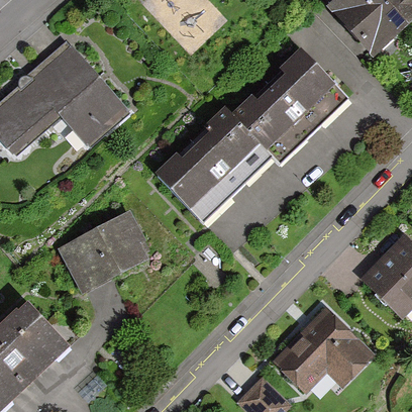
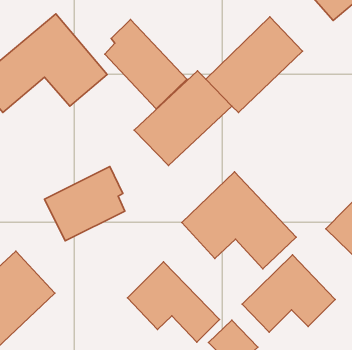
building: none -> [105,20,187,109]
building: none -> [182,172,296,269]
building: none -> [127,262,220,342]

